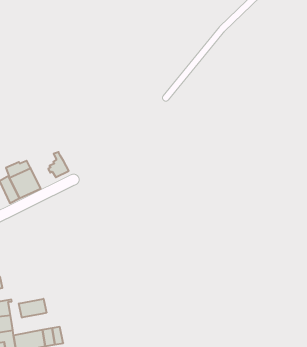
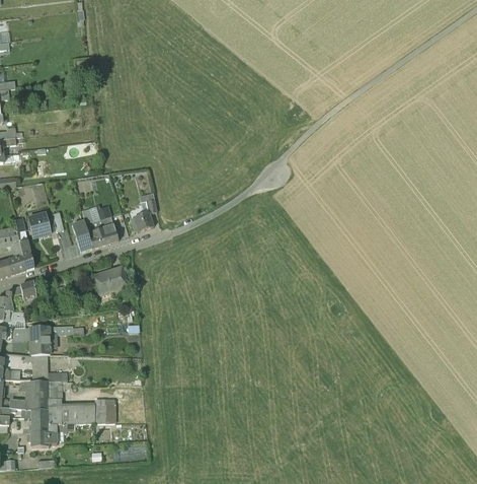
building: none -> [91,265,128,294]
building: [19,299,46,318] -> none

